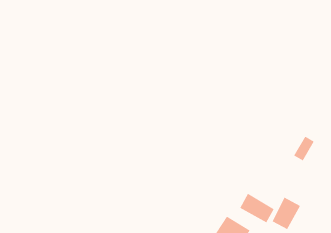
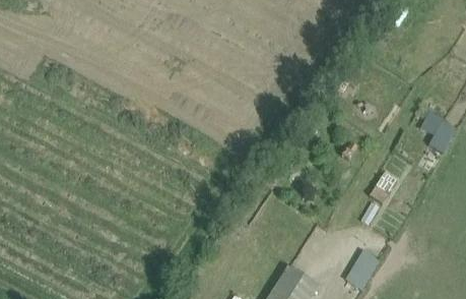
building: [239,193,275,223] -> none

